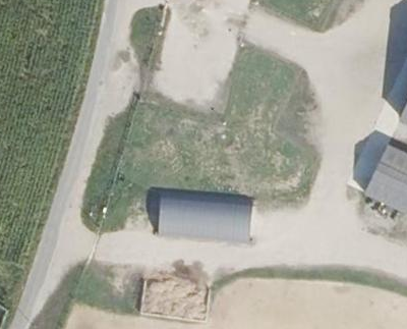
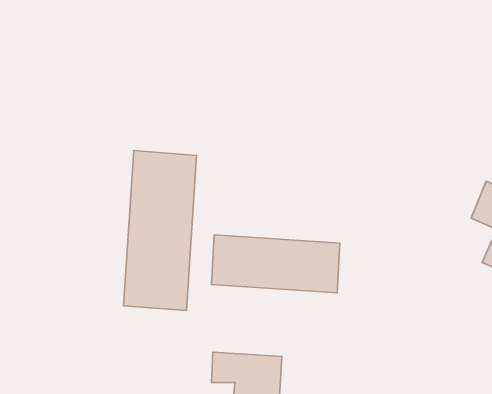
building: none -> [123,151,197,311]

